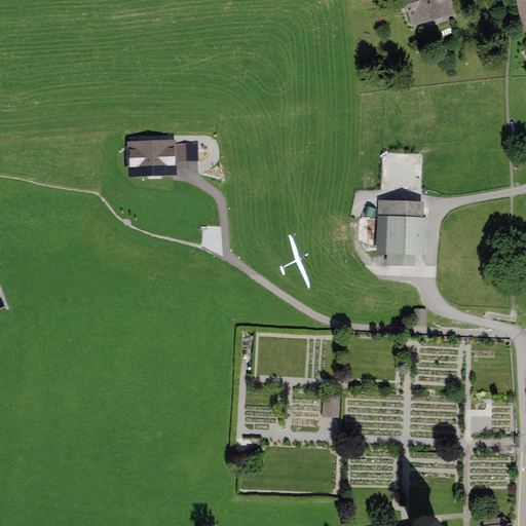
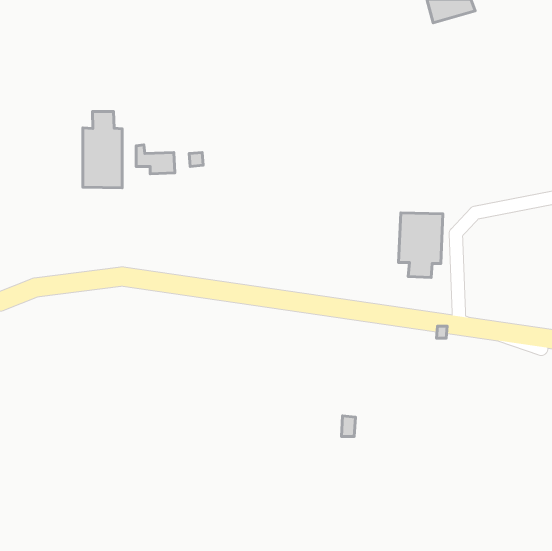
building: none -> [83,112,122,188]

